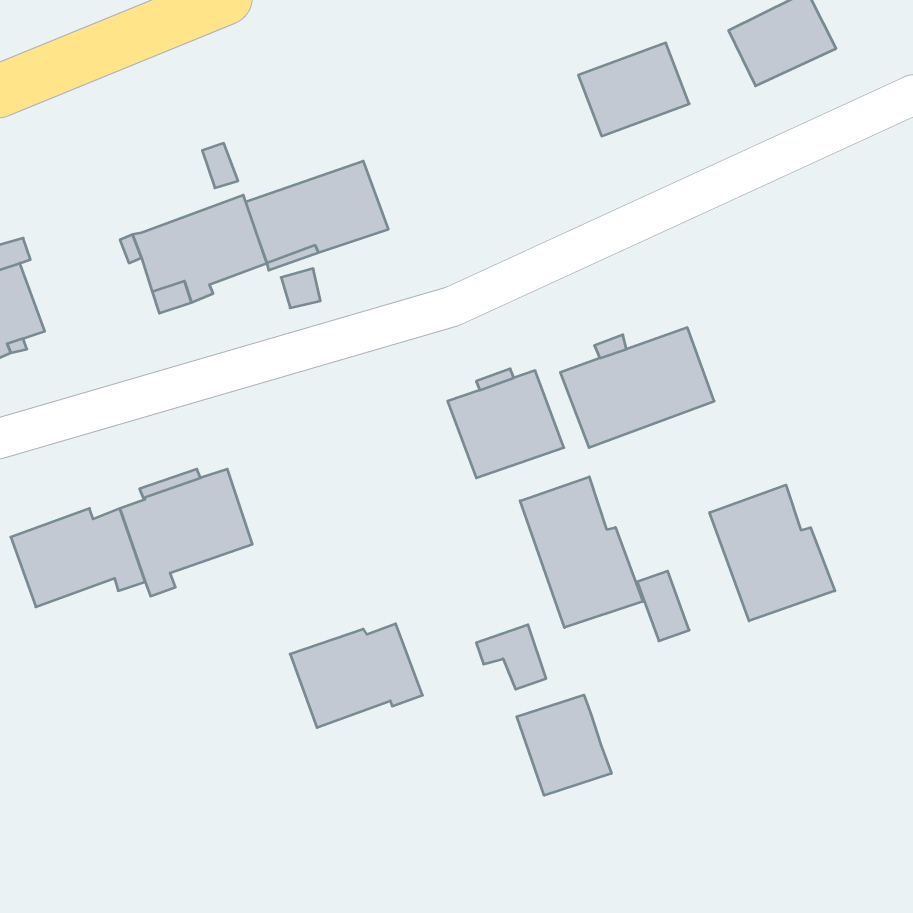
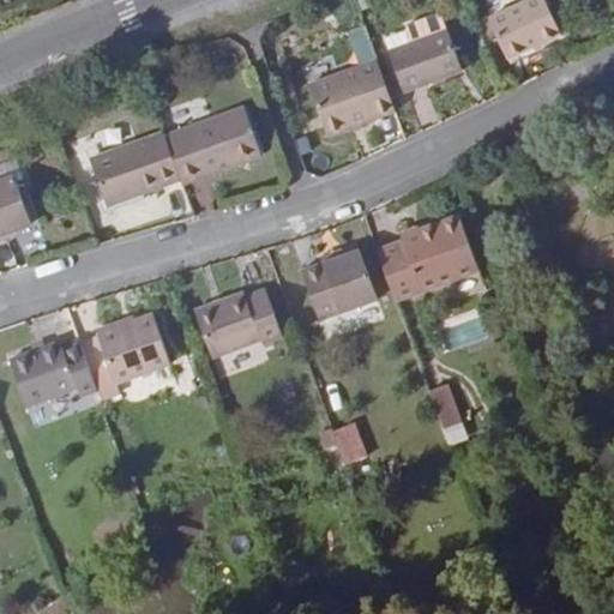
building: none -> [308,59,395,134]
building: [520,477,643,628] -> none
building: [710,485,835,621] -> none
building: [290,624,423,728] -> [193,288,282,357]
building: [517,695,611,795] -> none

